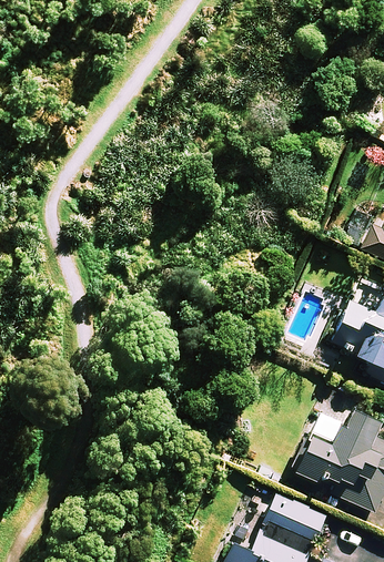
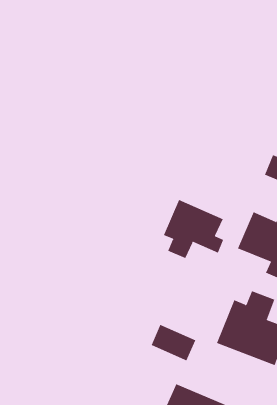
building: none -> [163,199,224,259]
building: [265,495,325,544] -> [151,324,196,361]

